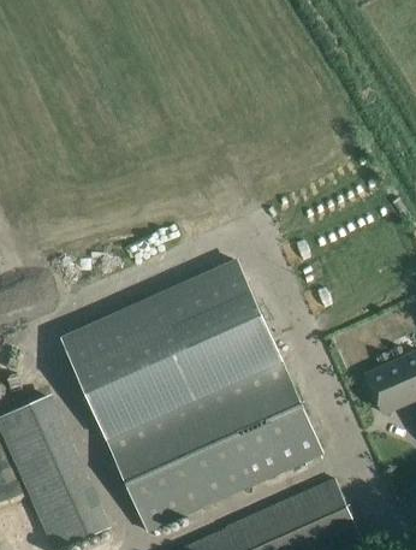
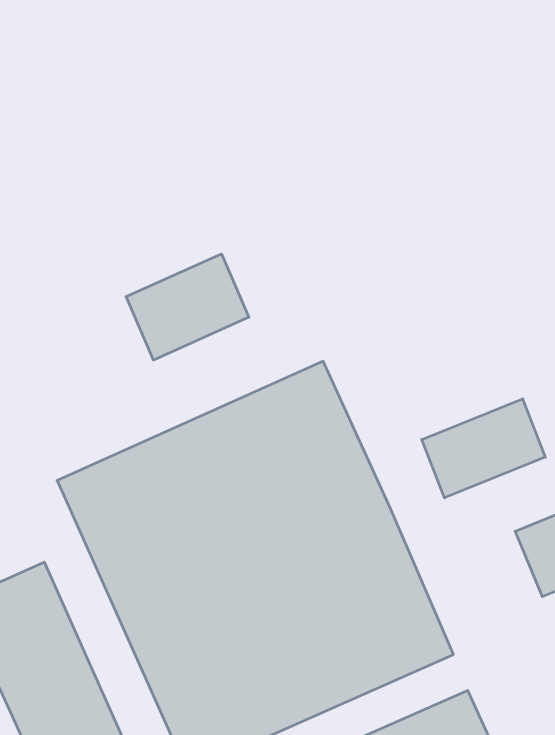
building: none -> [126,254,249,360]
building: none -> [422,399,545,498]

